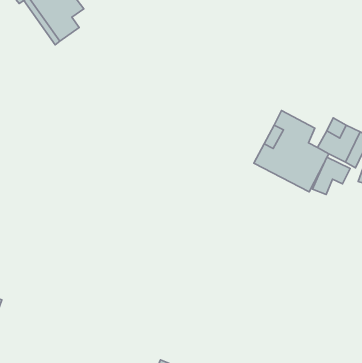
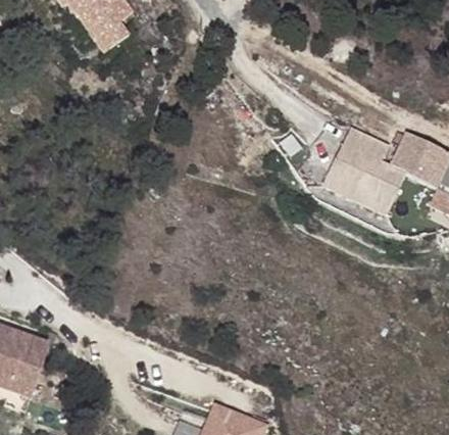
building: [313,157,350,194] -> none

